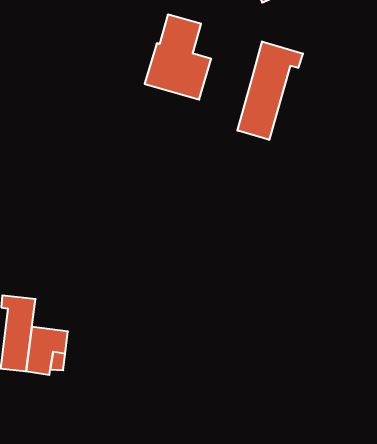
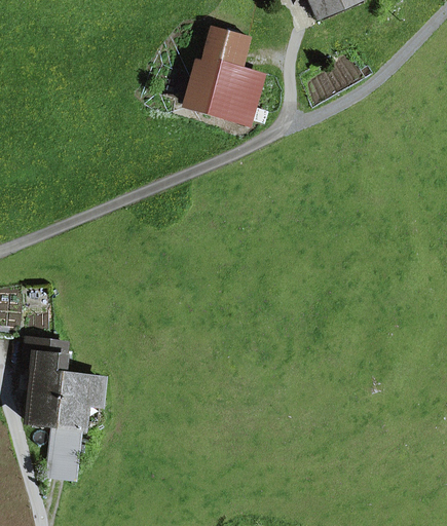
building: [237,41,303,140] -> none
building: none -> [46,424,81,480]

